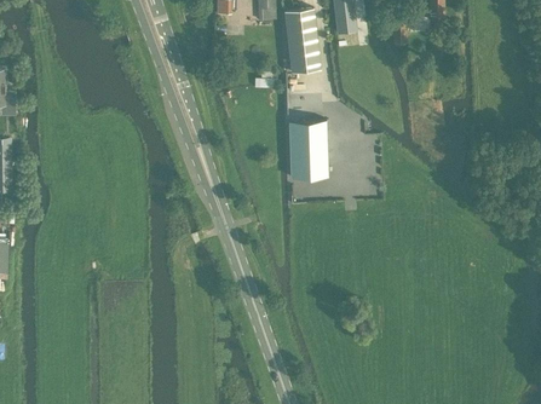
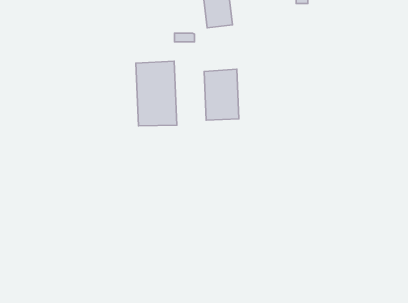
building: none -> [136,61,177,126]

